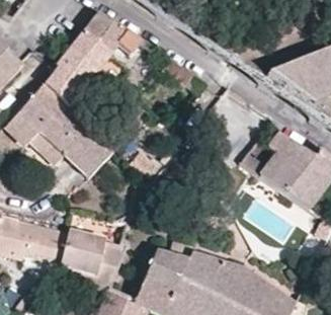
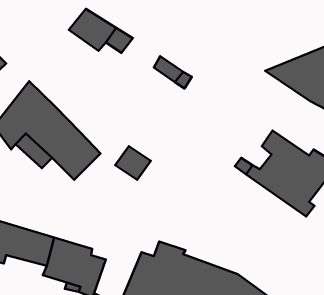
building: [45,33,111,107] -> none

